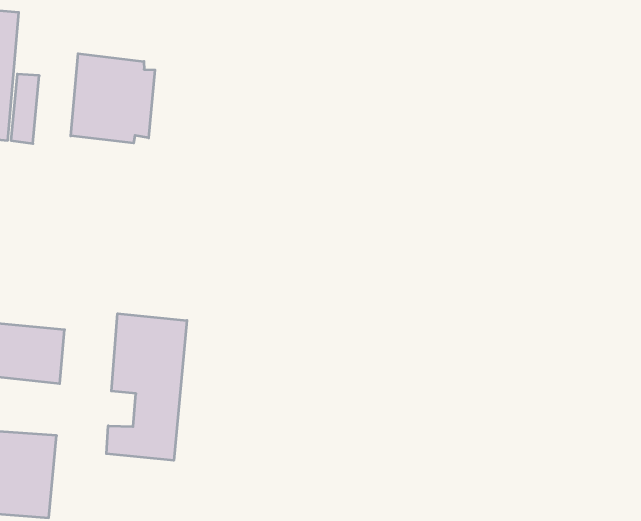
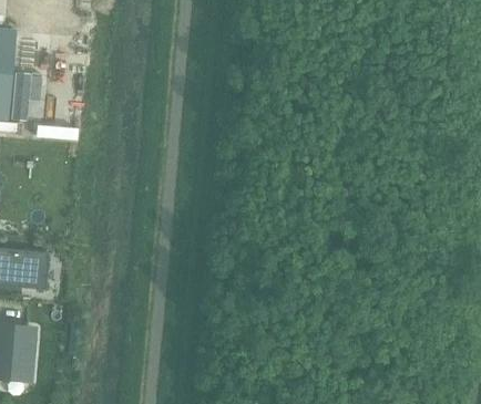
building: [71,54,155,143] -> none
building: [106,314,187,460] -> none

